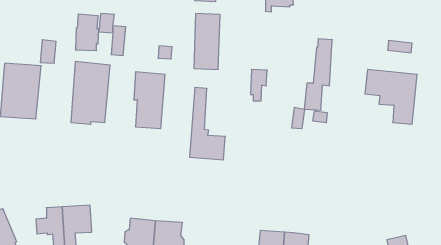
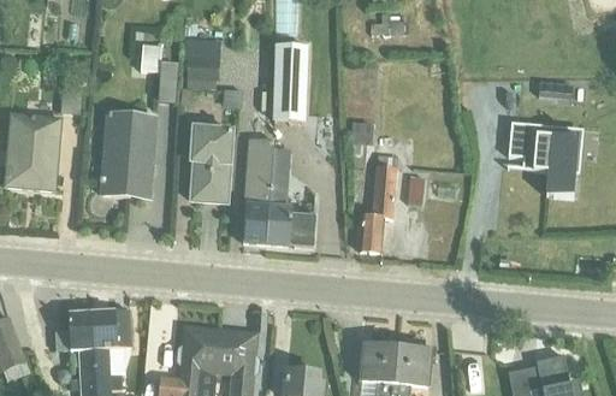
building: [75,14,99,51] -> [186,39,219,89]
building: [304,39,332,110] -> [359,153,397,252]
building: none -> [243,137,273,243]

